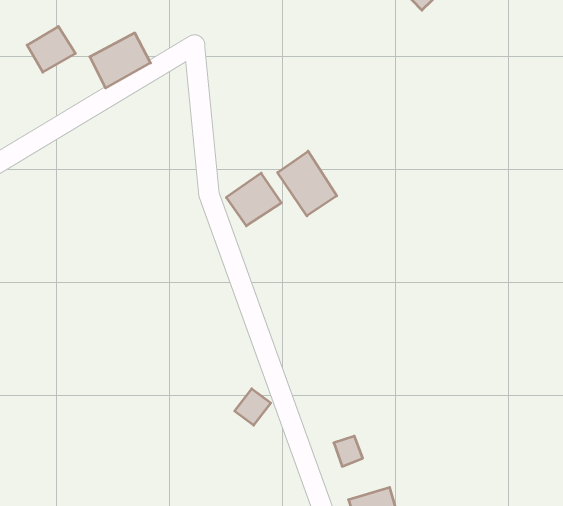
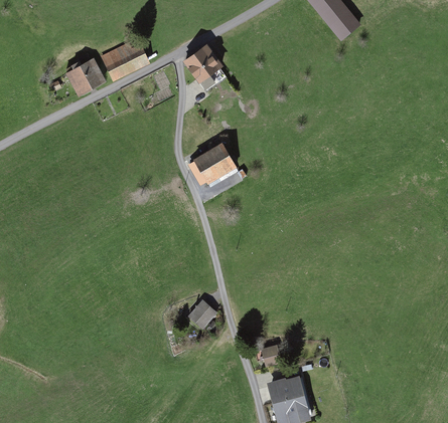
building: [27,26,75,72] -> [69,62,104,94]
building: none -> [186,47,222,82]
building: [278,151,337,216] -> none

